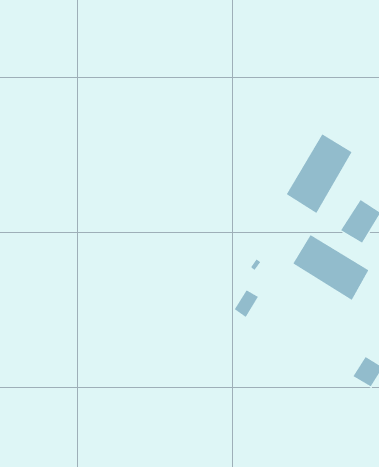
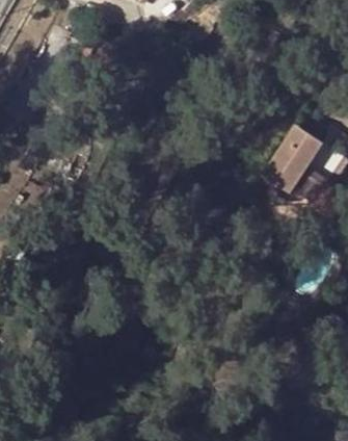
building: [292,234,369,301] -> none

